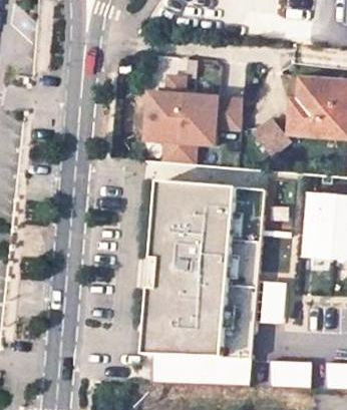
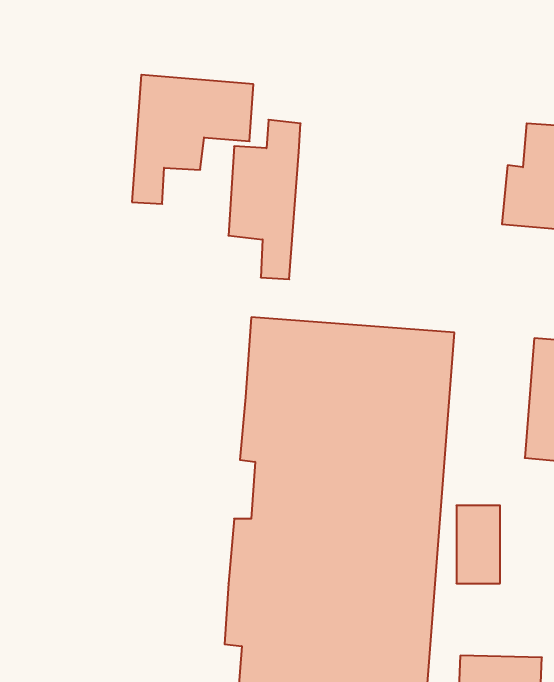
building: [178,93,242,161] -> [132,75,253,204]
building: [253,115,294,156] -> none

